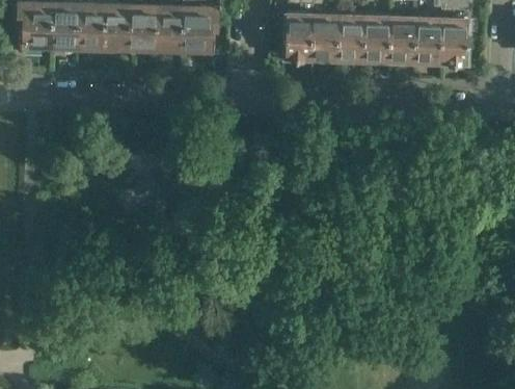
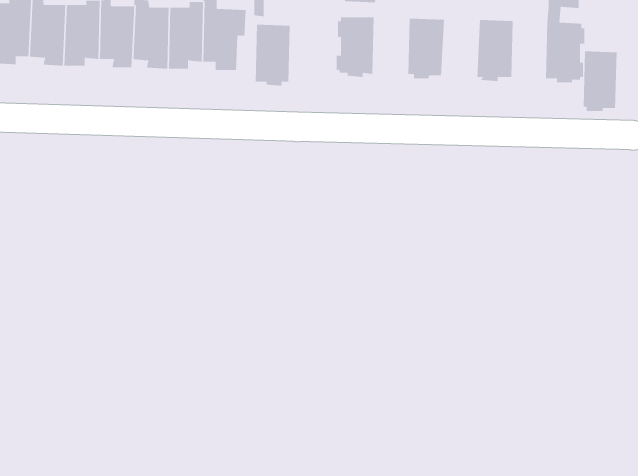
building: [311,17,338,63] -> [255,24,291,86]
building: [363,19,391,64] -> none
building: [416,20,442,66] -> [583,51,617,111]

